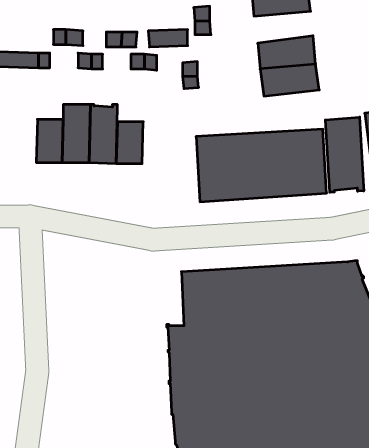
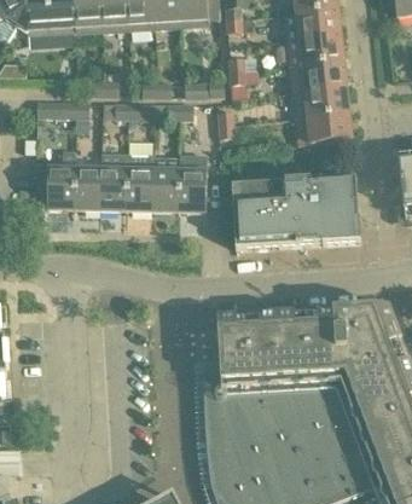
building: none -> [288,60,346,92]
building: none -> [46,149,75,209]
building: none -> [179,155,207,212]
building: [325,117,364,192] -> none

